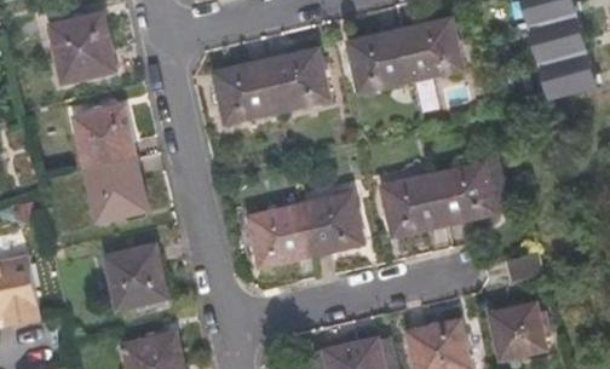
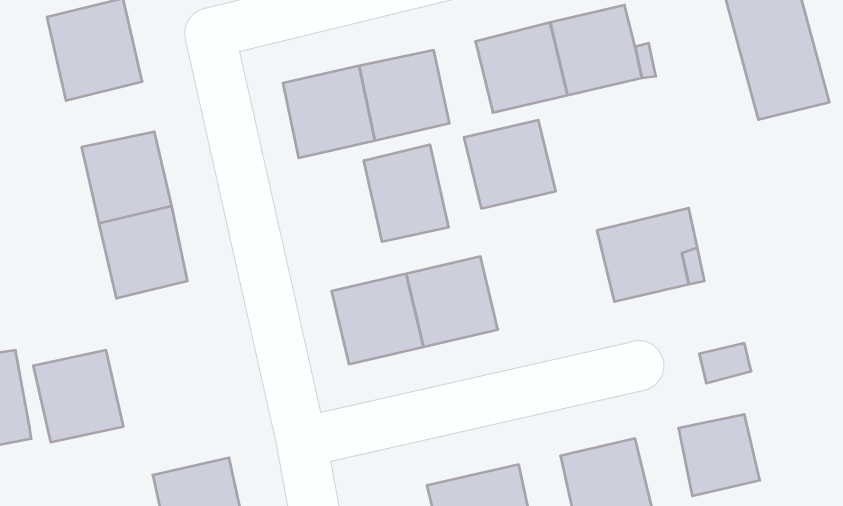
building: none -> [364,145,449,242]
building: [380,174,444,236] -> [464,120,556,208]
building: [104,244,167,309] -> [33,350,123,442]

